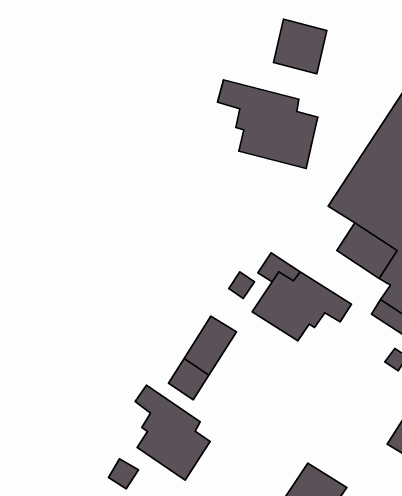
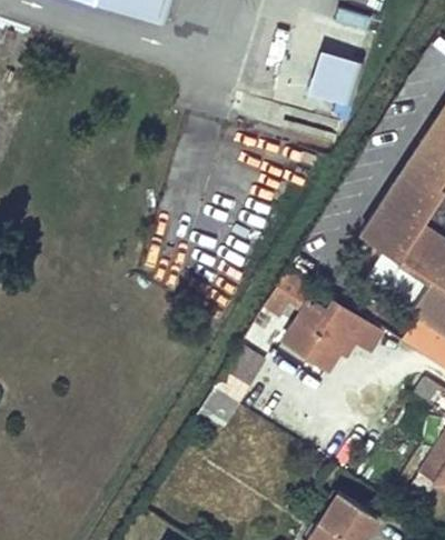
building: [218,80,318,168] -> none
building: [135,385,210,480] -> none

